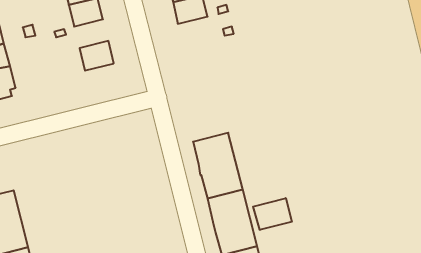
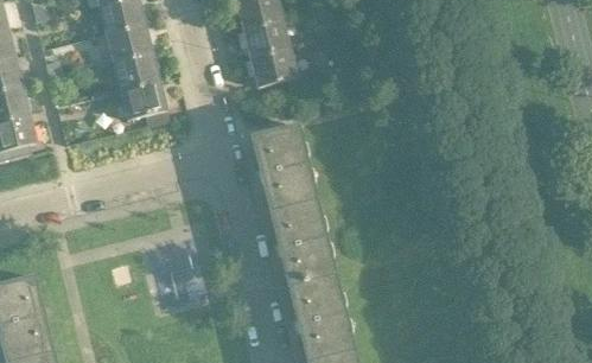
building: none -> [250,46,297,84]
building: none -> [114,50,159,88]
building: none -> [252,123,317,211]
building: [253,198,292,230] -> none

